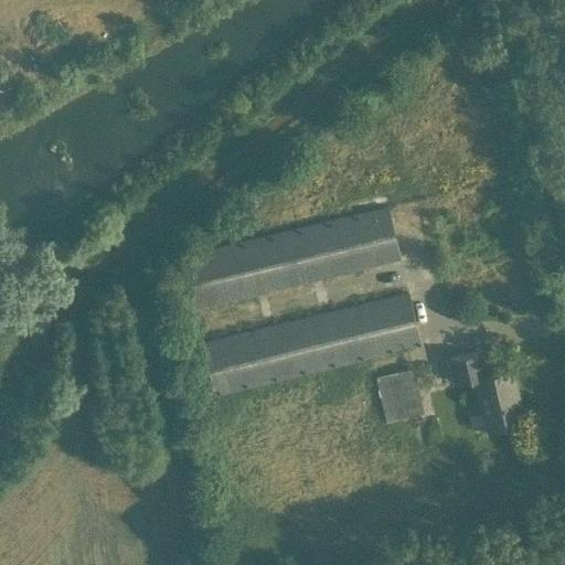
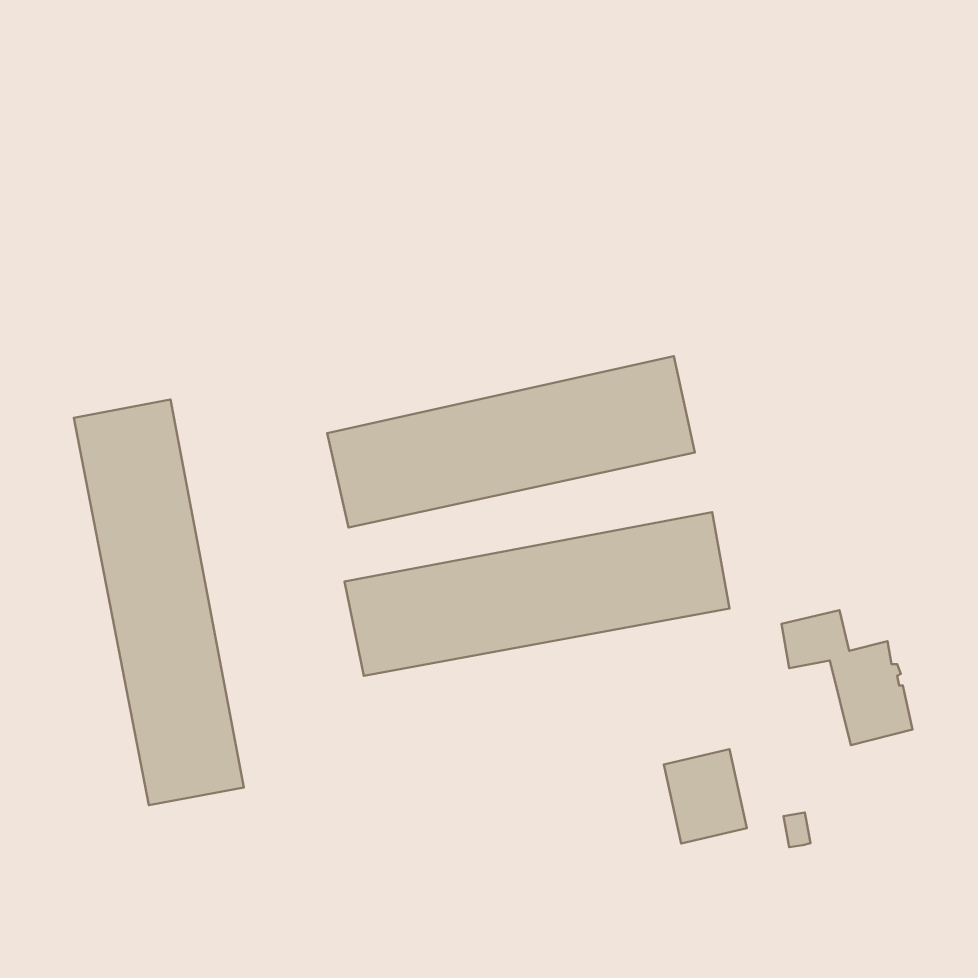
building: none -> [74,399,244,805]
building: [377,367,425,422] -> [664,749,747,844]

